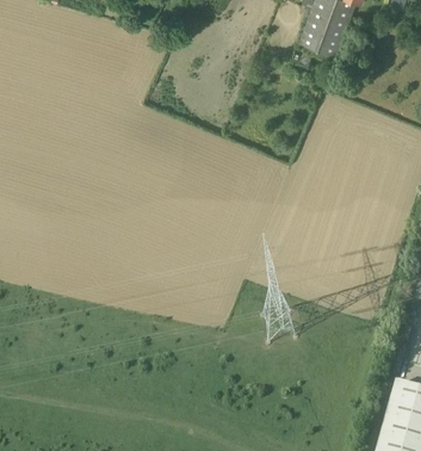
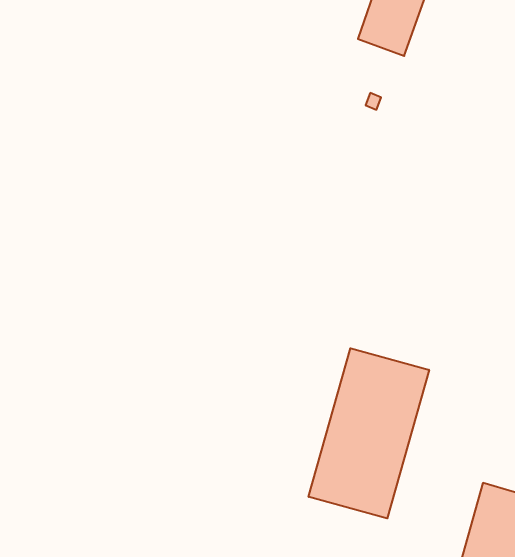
building: none -> [309,348,429,518]

